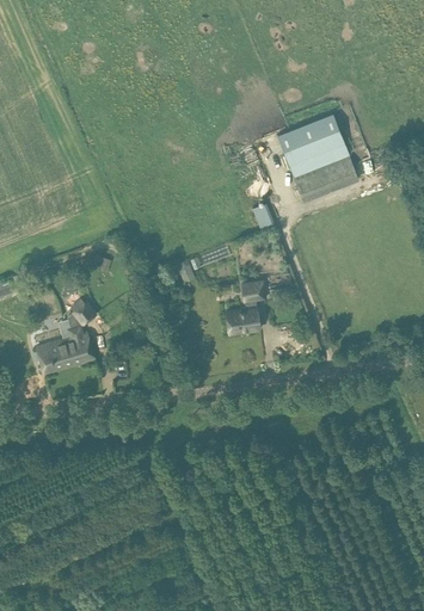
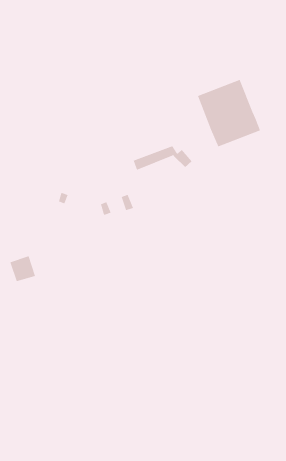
building: [227,280,265,332] -> none
building: [62,297,97,364] -> none

